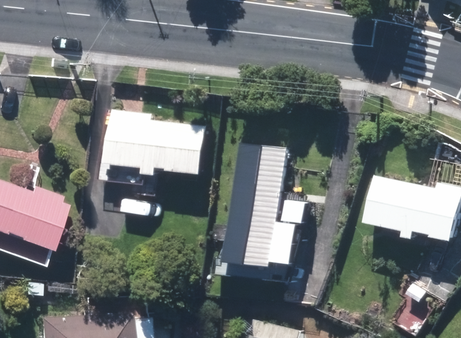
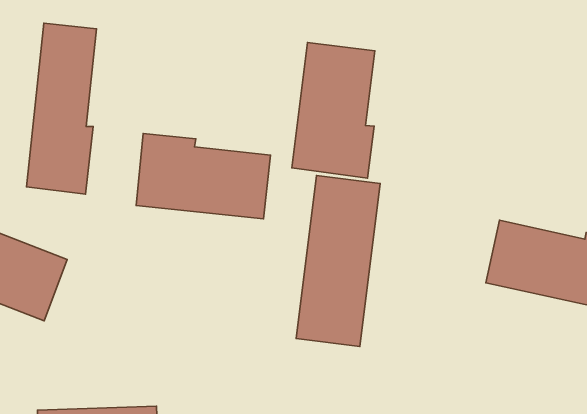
building: none -> [27,23,96,194]
building: none -> [292,42,375,178]

